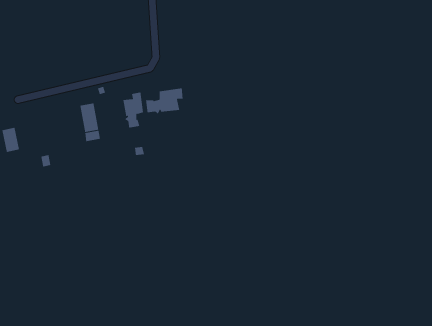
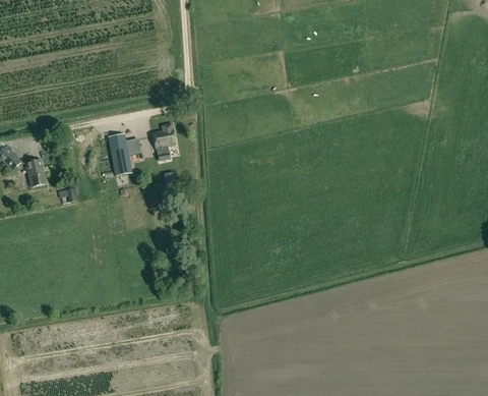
building: [146,88,183,115] -> none

